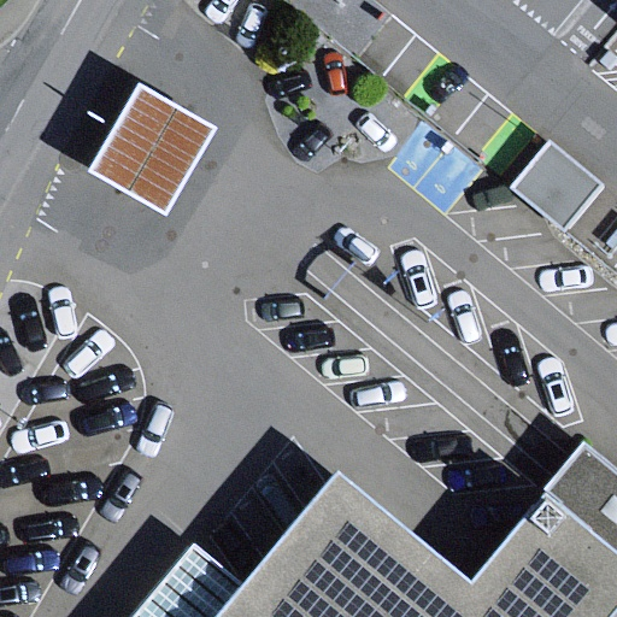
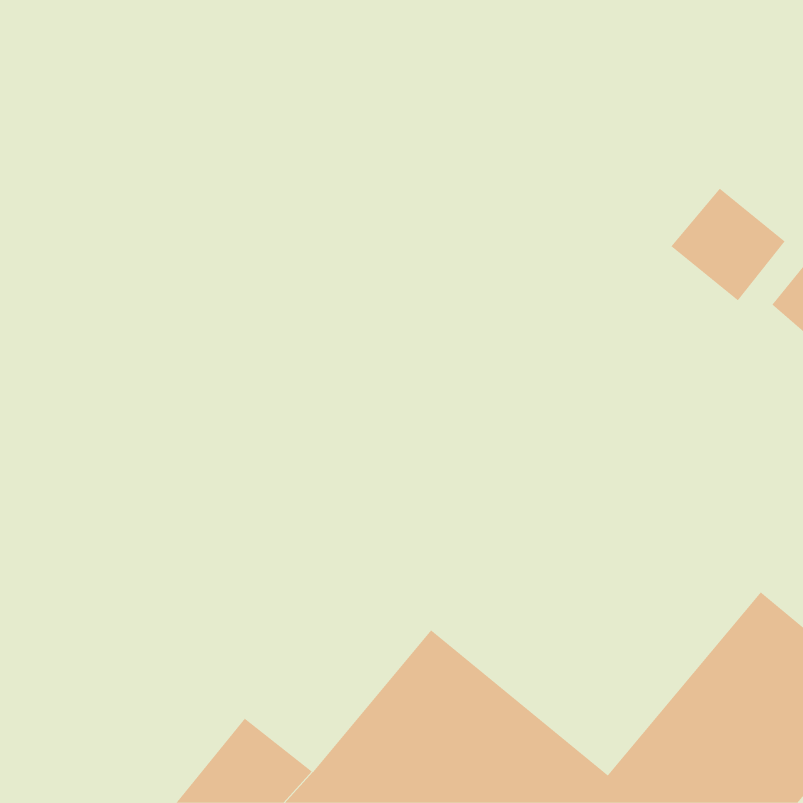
building: [83,92,212,224] -> none

